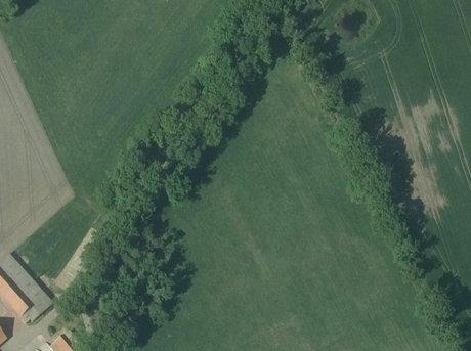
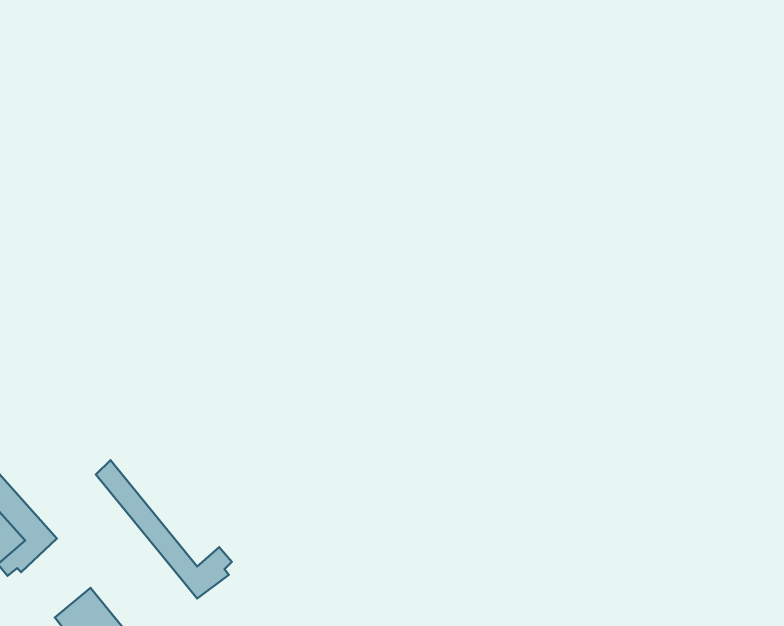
building: none -> [96,460,232,598]

